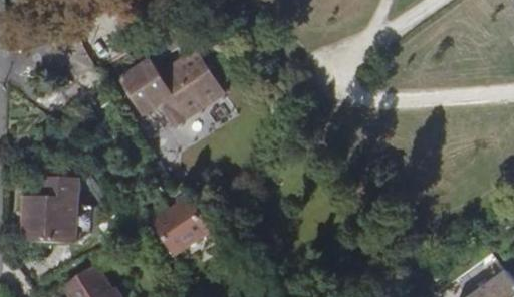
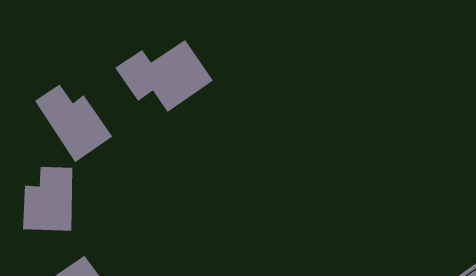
building: none -> [34,83,113,163]
building: [149,189,207,255] -> none

